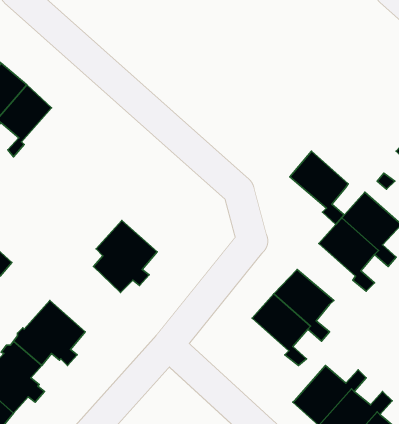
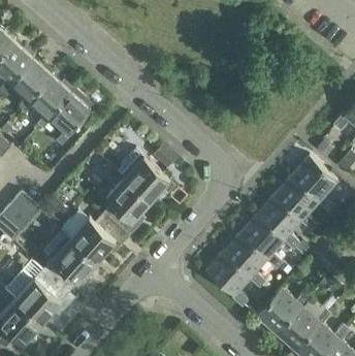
building: none -> [49,92,91,147]
building: [290,151,348,224] -> [258,195,302,251]
building: none -> [117,150,174,201]
building: none -> [70,213,124,262]
building: none -> [206,252,252,308]

